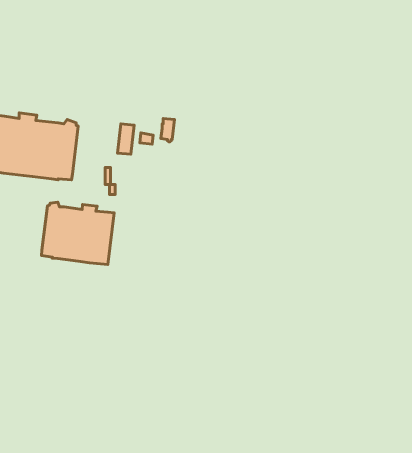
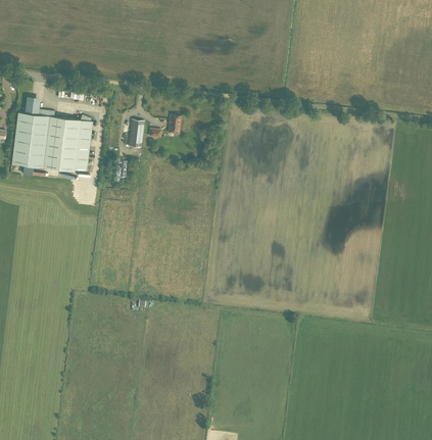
building: [42,202,114,264] -> none

